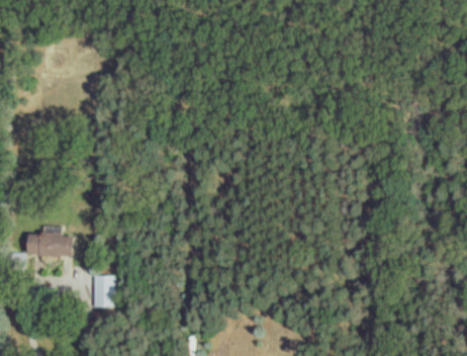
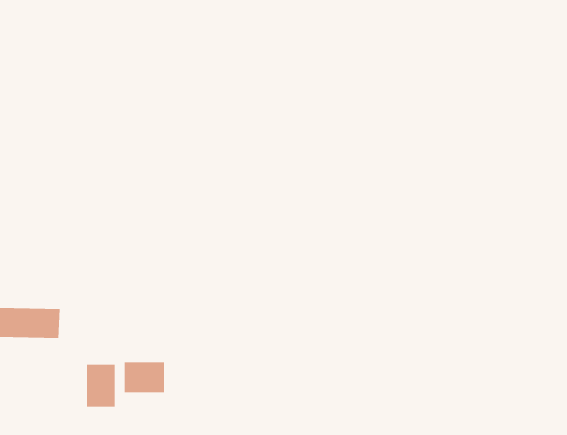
building: none -> [124,362,164,393]

